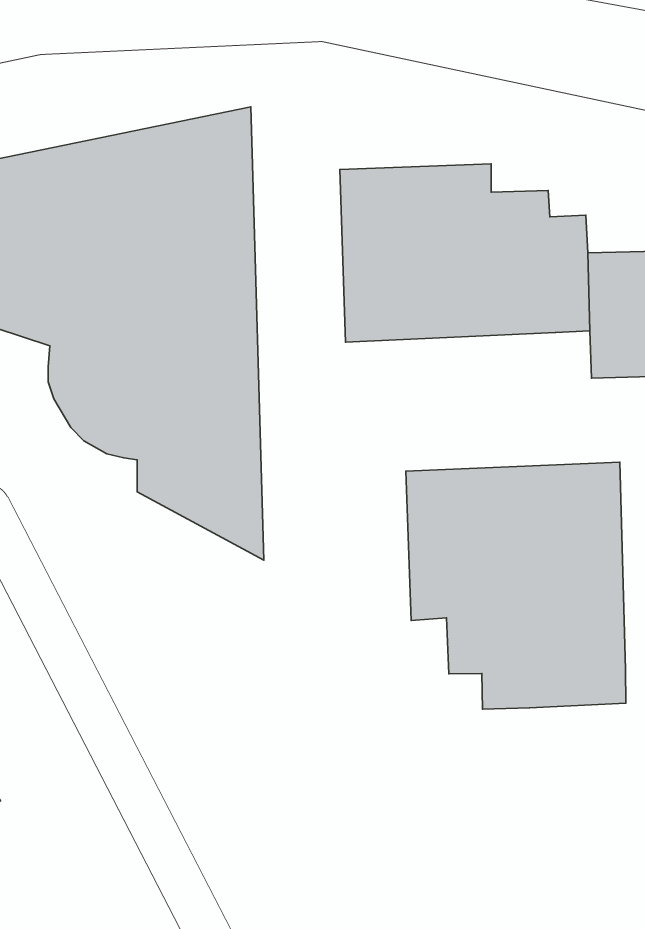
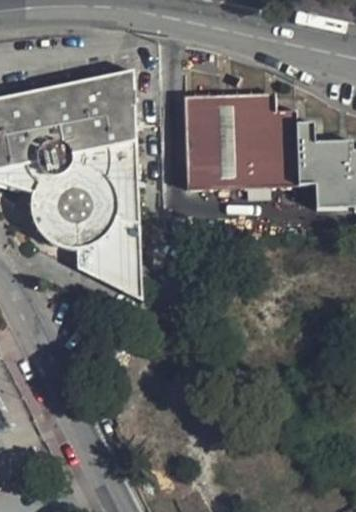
building: [406,462,626,709] -> none

